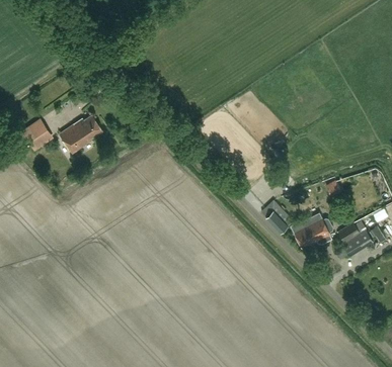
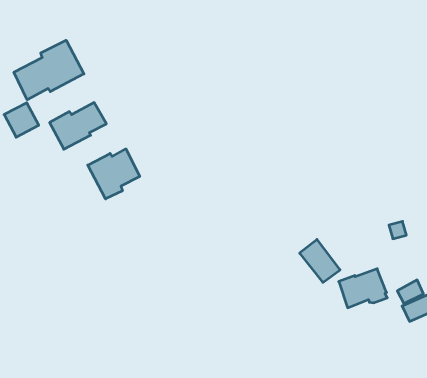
building: none -> [14,40,84,100]
building: none -> [88,149,140,199]

